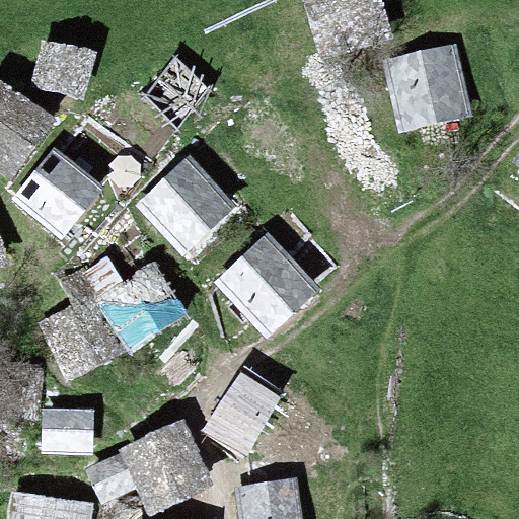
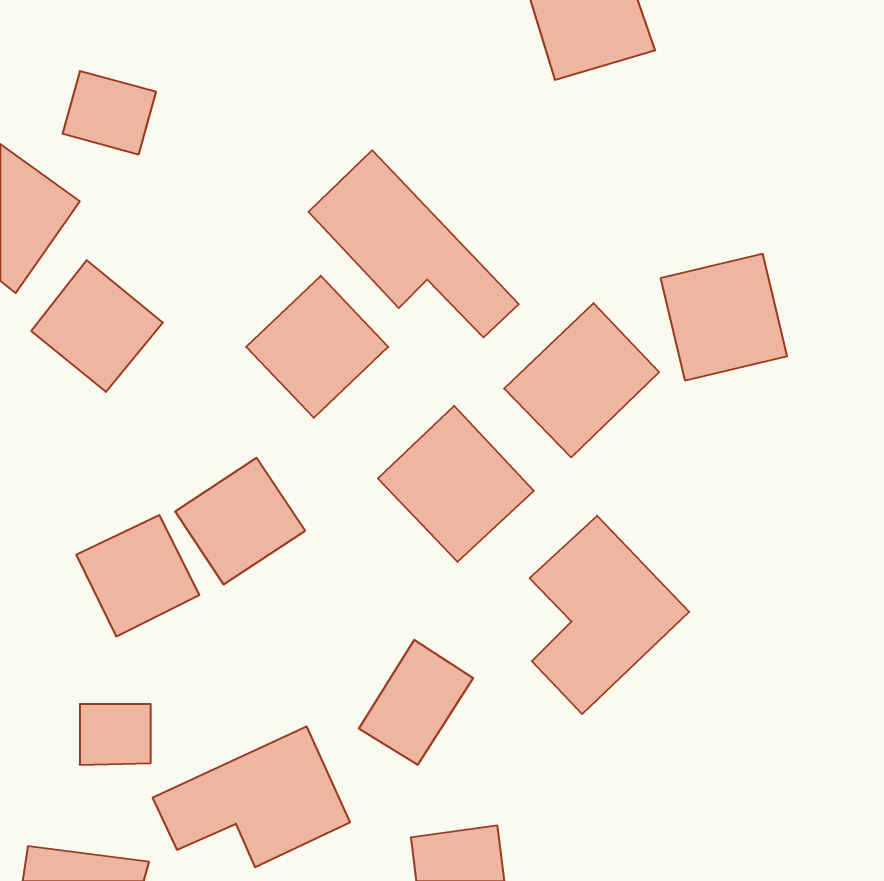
building: [391,48,465,122] -> [661,254,787,380]
building: none -> [308,150,519,337]
building: none -> [504,303,659,457]
building: none -> [530,516,689,714]

